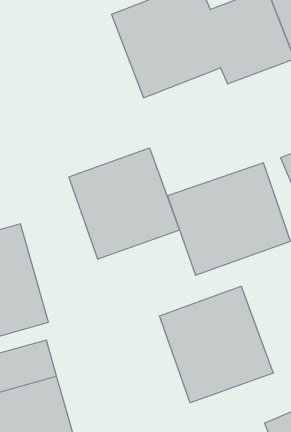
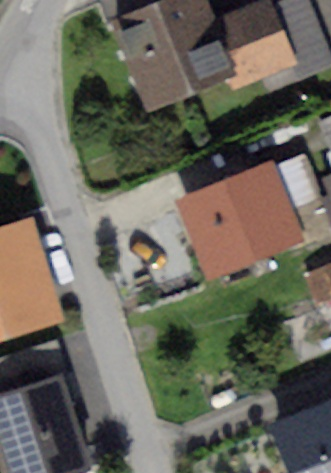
building: [69,148,180,259] -> none
building: [160,286,273,403] -> none

